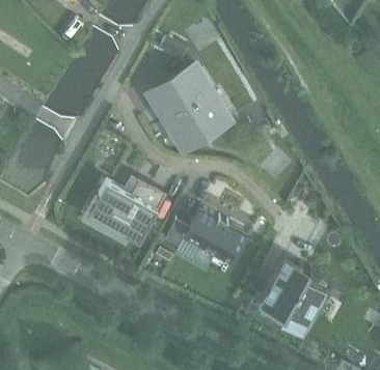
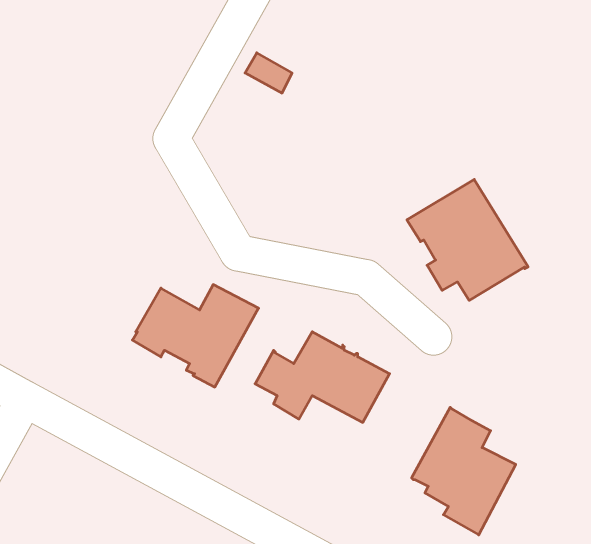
building: [152,66,226,141] -> [407,179,528,300]

